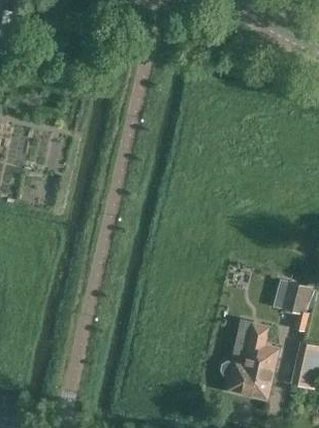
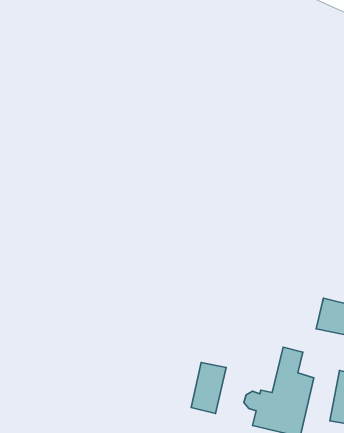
building: none -> [191,362,226,413]

